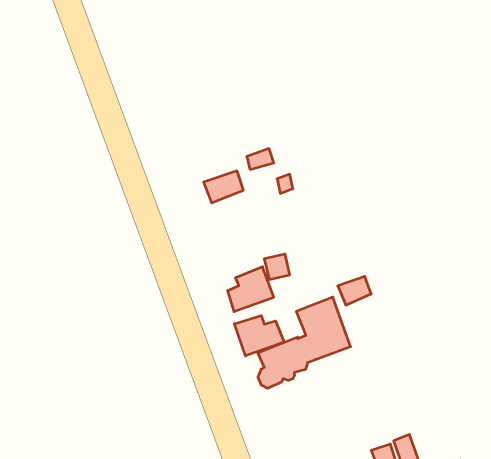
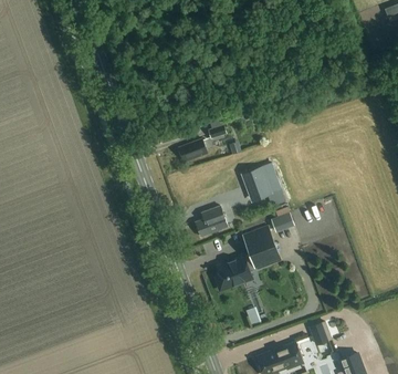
building: none -> [241,162,283,201]
building: [234,316,284,356] -> none

